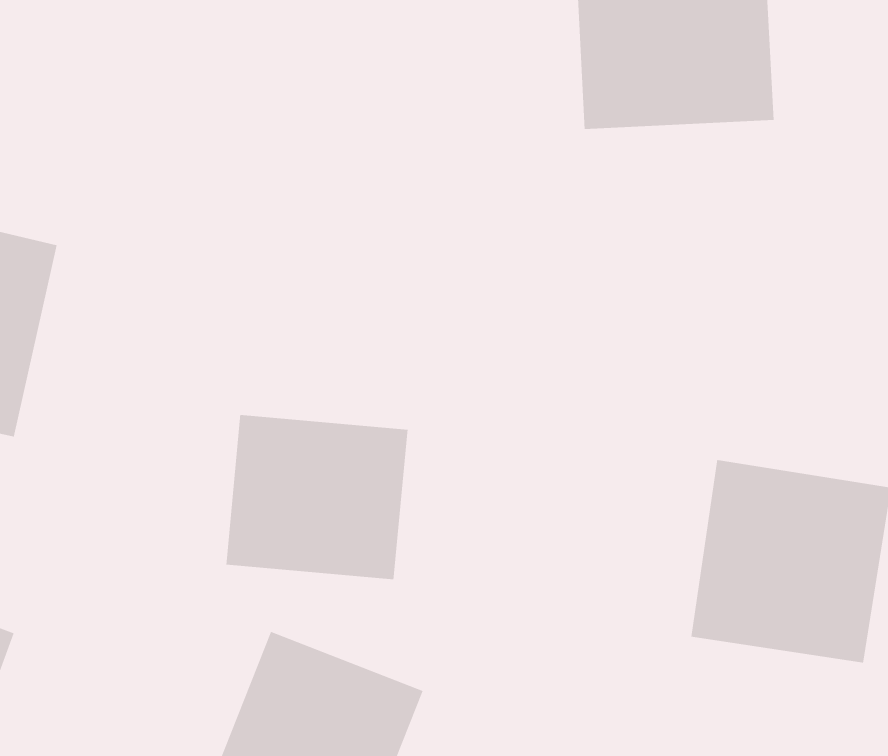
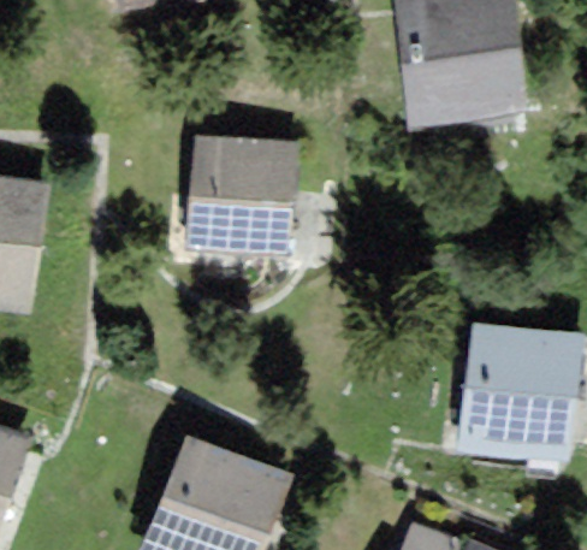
building: none -> [184,141,301,252]
building: [226,414,408,580] -> none

